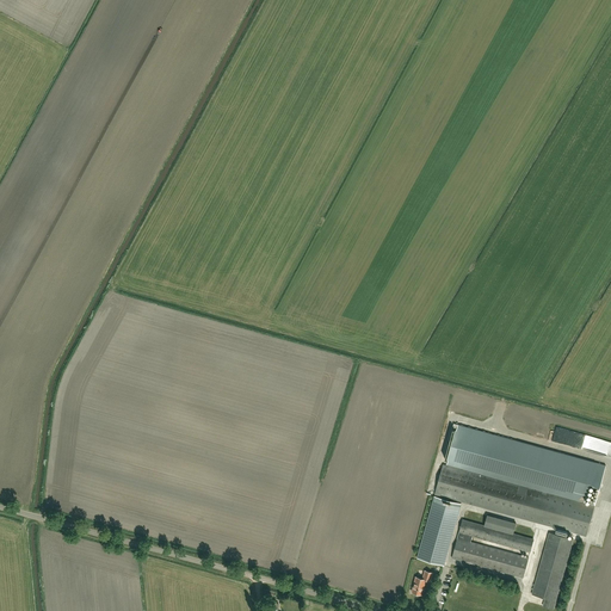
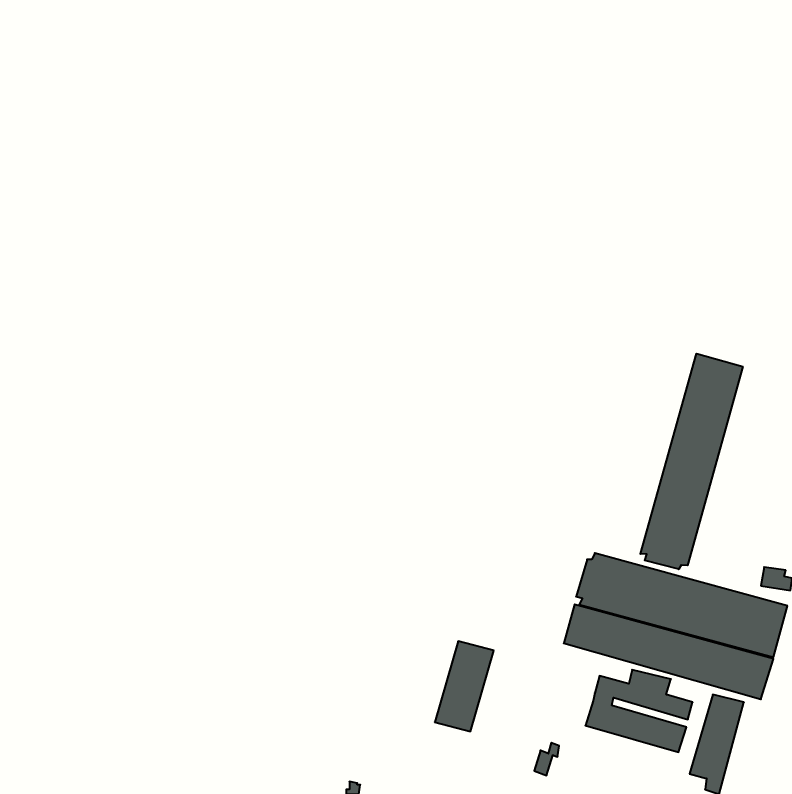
building: none -> [640,354,743,569]
building: [415,496,461,566] -> [435,641,494,731]

